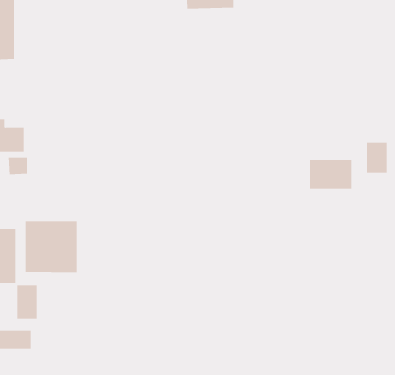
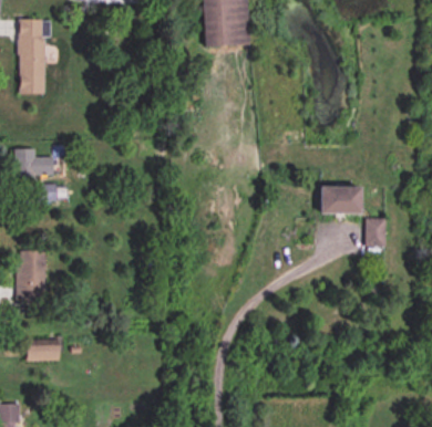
building: [366,142,388,173] -> [366,218,385,247]
building: [25,220,77,273] -> none
building: [17,285,37,319] -> none

